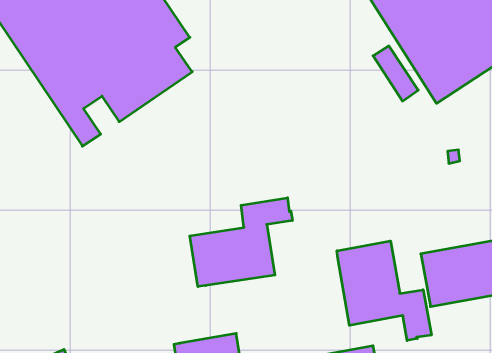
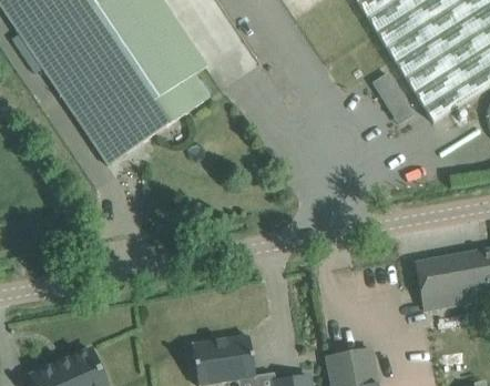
building: [190,198,292,287] -> none
building: [337,241,431,341] -> none

